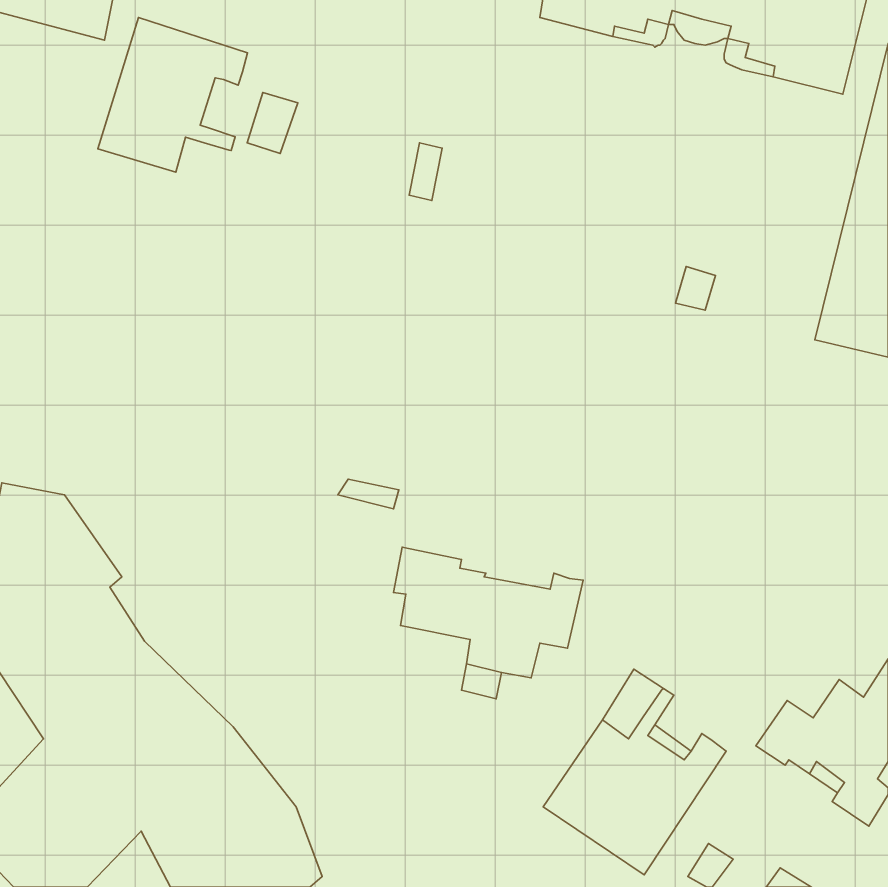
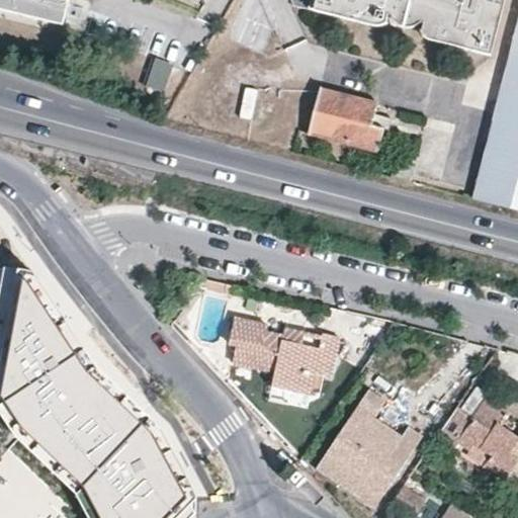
building: [98,18,248,172] -> none
building: none -> [307,87,386,150]

